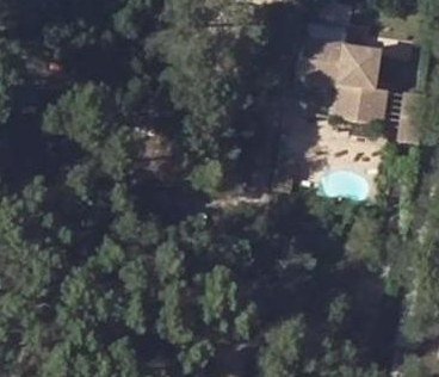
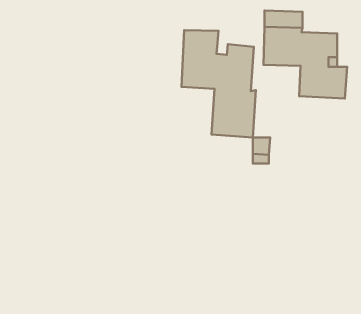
building: none -> [182,30,256,137]

